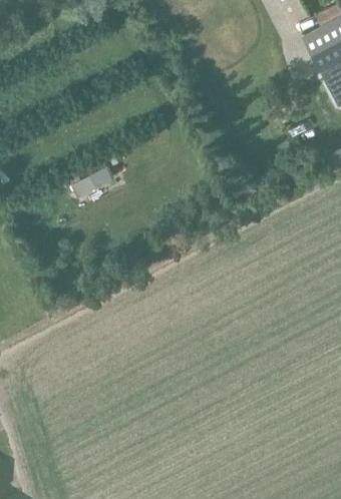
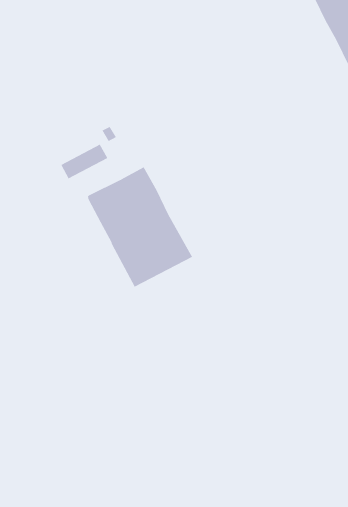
building: none -> [87,167,193,287]

